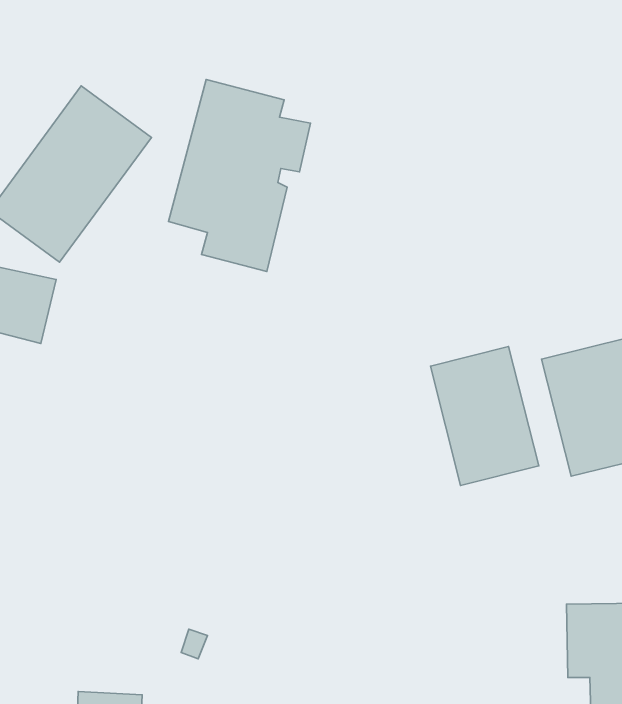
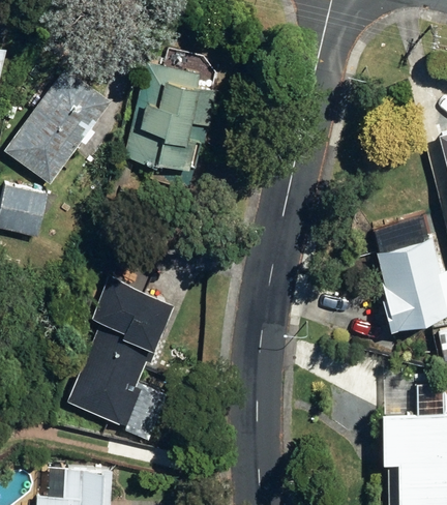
building: [430,347,539,485] -> none
building: none -> [68,245,174,428]

